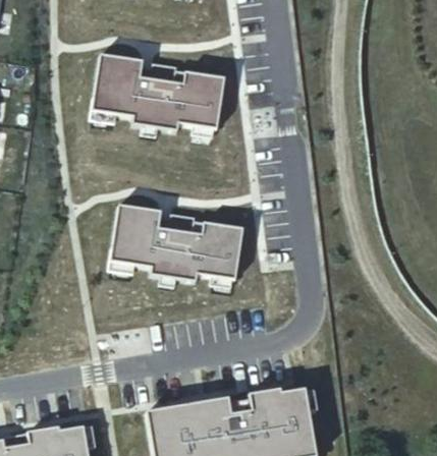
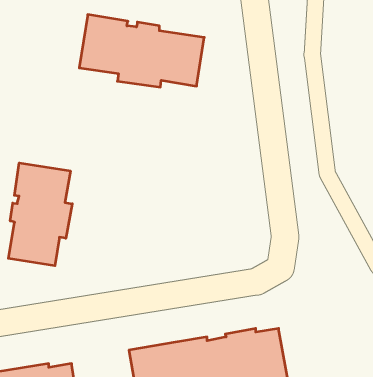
building: [110,205,243,282] -> none
building: none -> [8,163,72,266]

